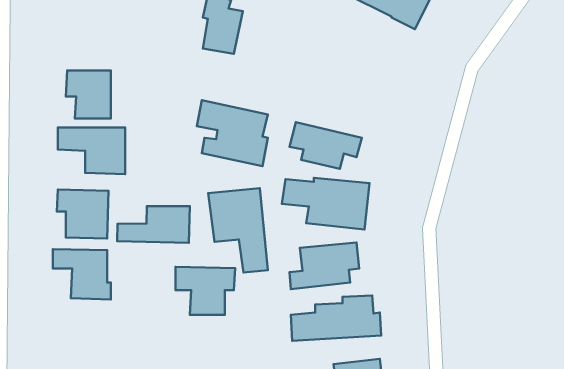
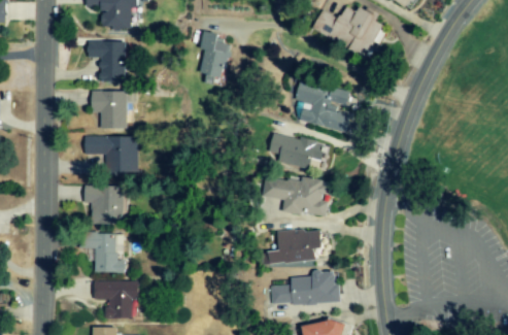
building: none -> [88,41,126,81]
building: [197,100,268,166] -> [295,79,351,132]
building: [208,188,268,272] -> none
building: [117,206,190,243] -> none
building: [176,267,235,315] -> [94,280,141,319]

